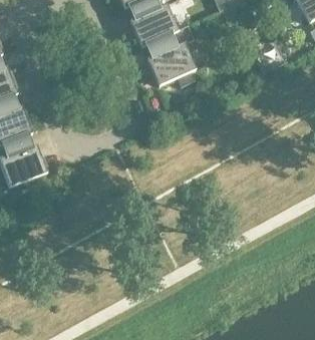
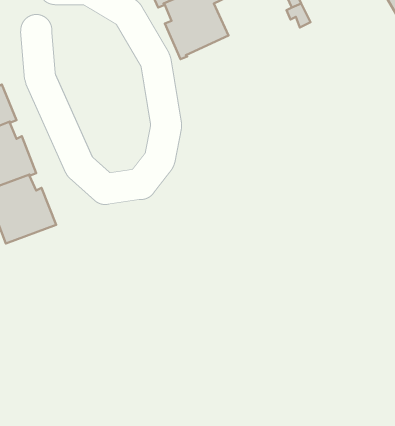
building: [144,23,195,84] -> none

